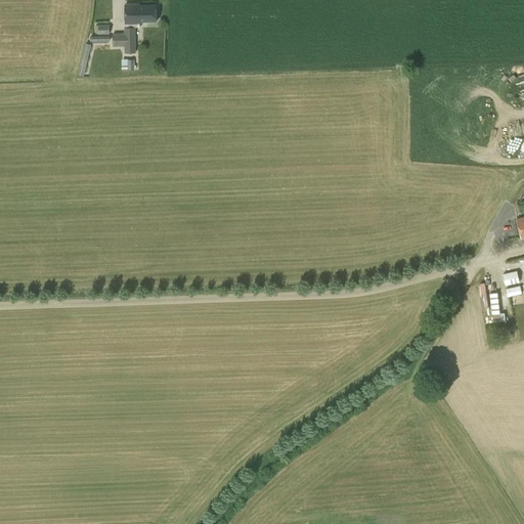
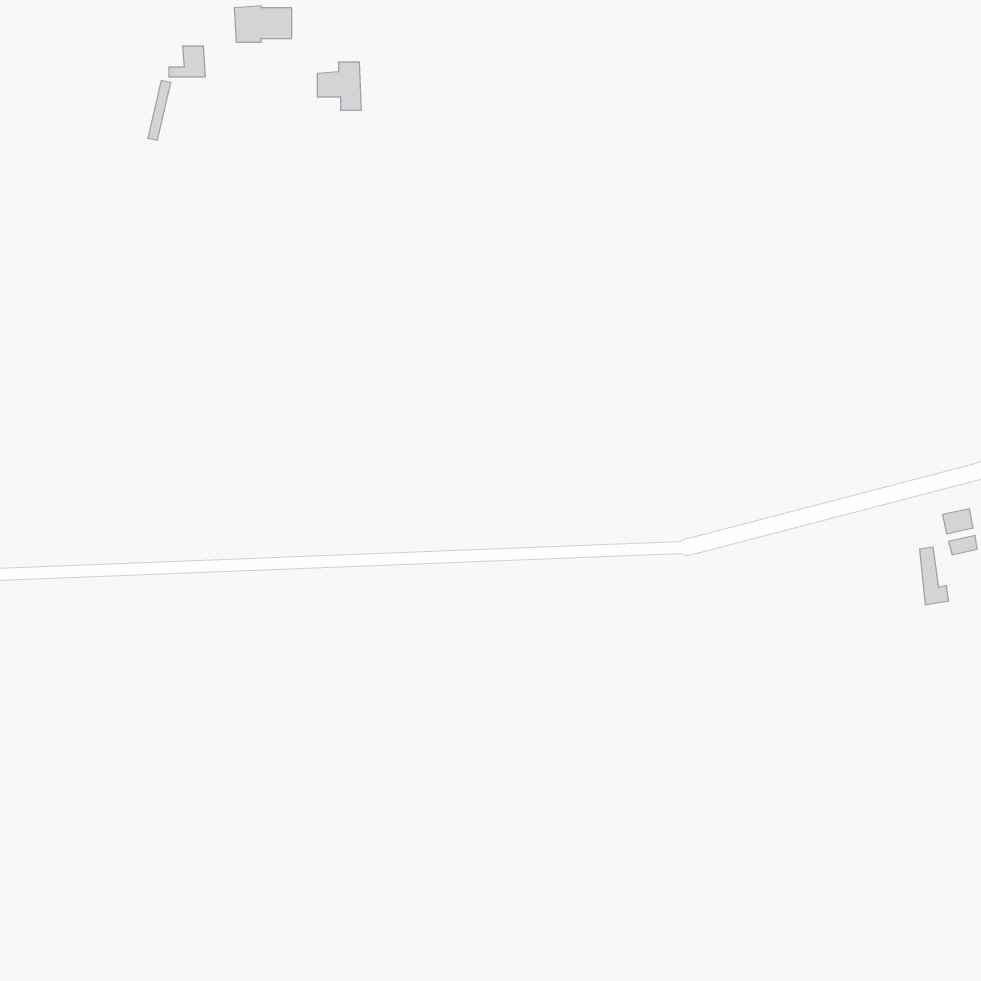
building: [113,28,136,53] -> [317,62,361,110]

